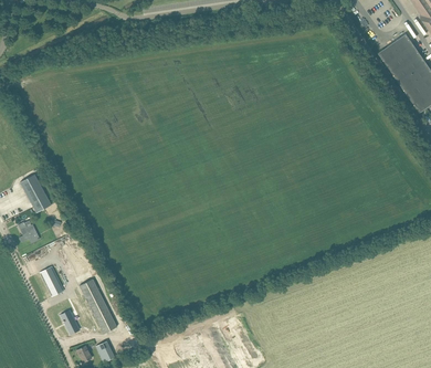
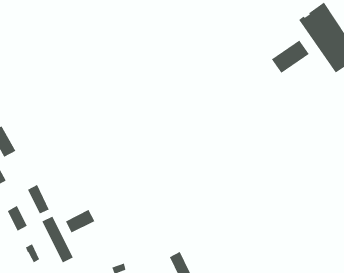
building: none -> [271,39,310,74]
building: none -> [65,209,95,234]

